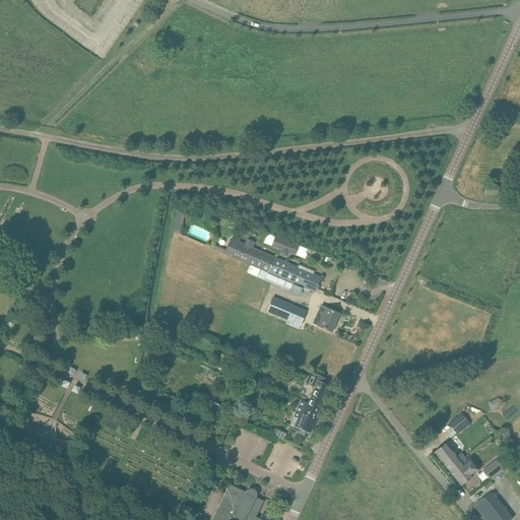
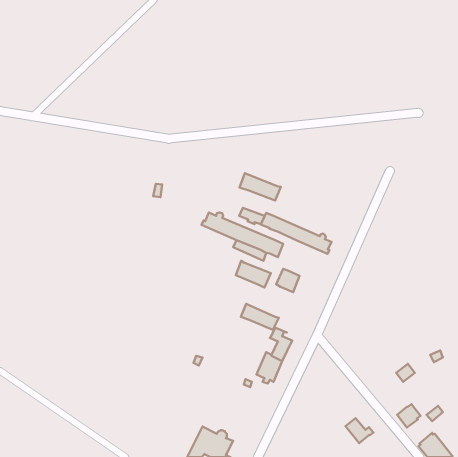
building: none -> [240,173,281,201]
building: none -> [261,213,331,254]
building: none -> [241,304,279,330]
building: [435,442,466,470] -> [346,418,373,443]

